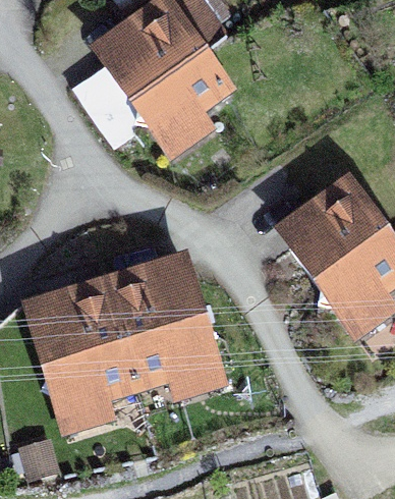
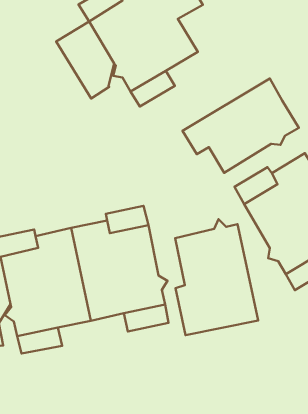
building: none -> [183,78,299,173]
building: none -> [175,219,258,335]

